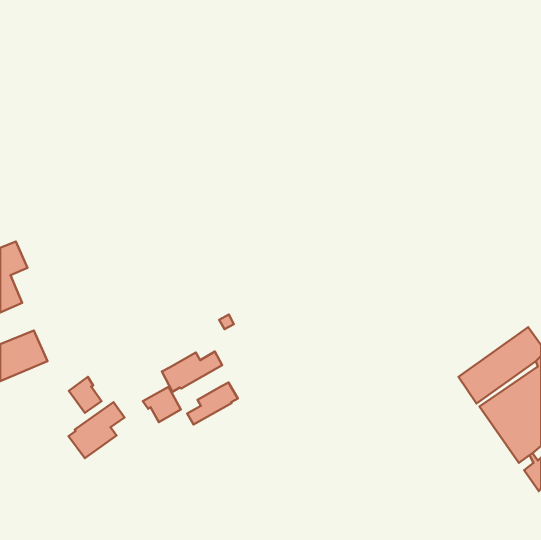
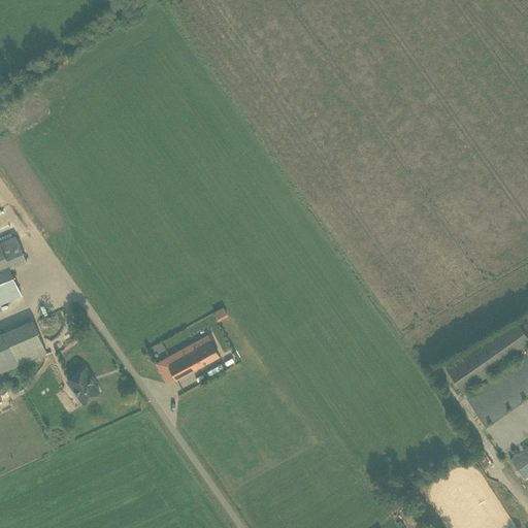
building: [187,383,238,424] -> none
building: [143,387,181,422] -> none
building: [68,402,125,458] -> none

